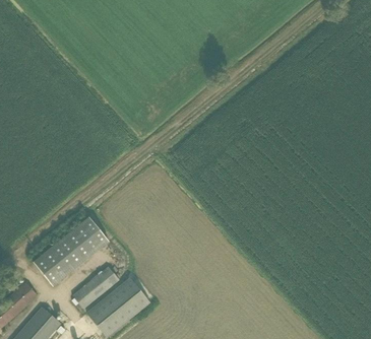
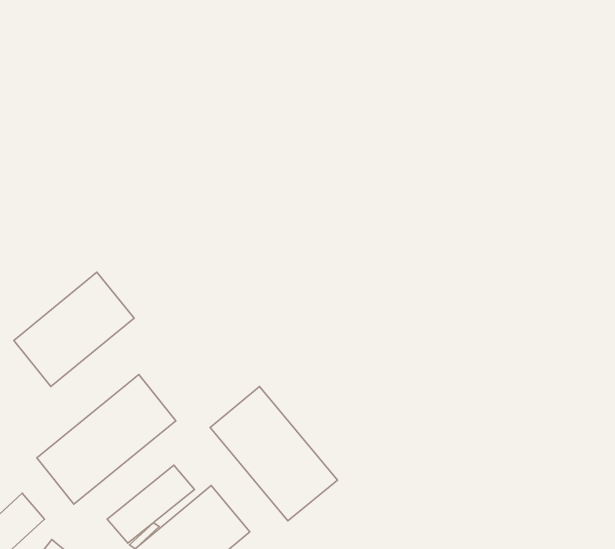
building: none -> [14,272,134,386]
building: none -> [210,386,337,521]

